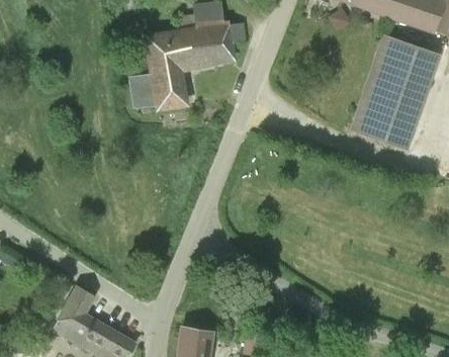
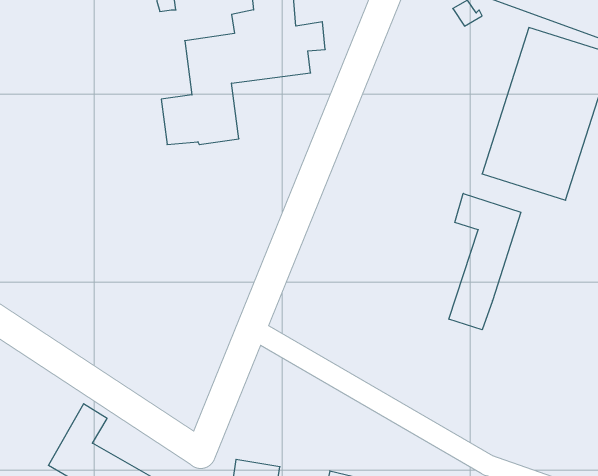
building: none -> [449,193,521,330]

